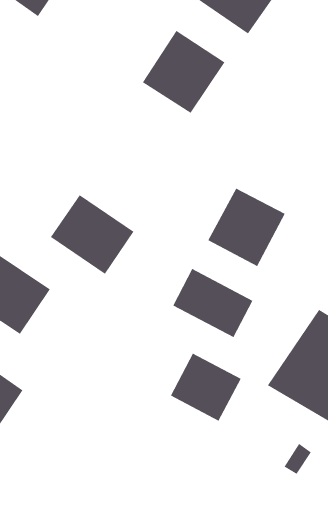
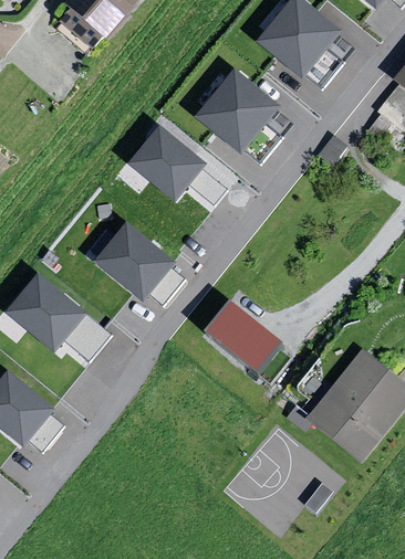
building: none -> [129,124,207,198]
building: [207,188,286,267] -> none
building: [170,352,242,422] -> none

